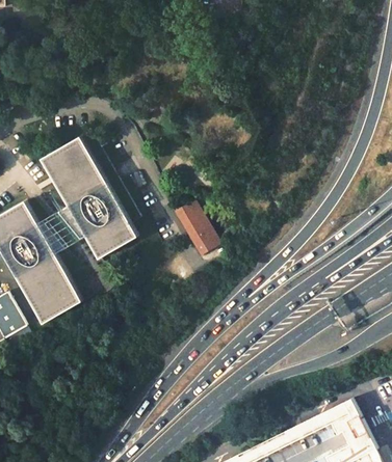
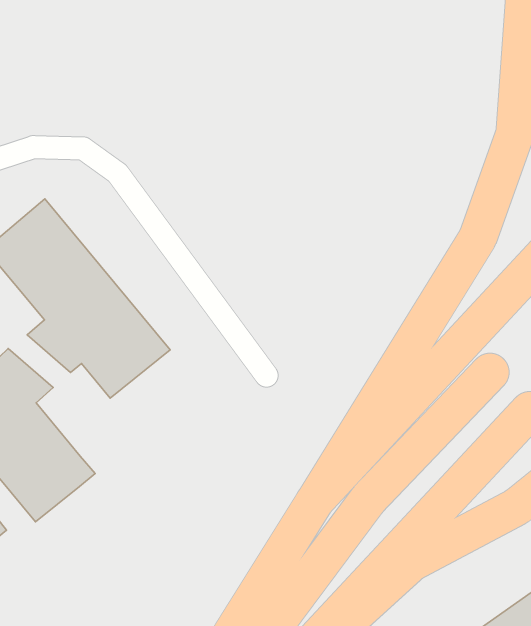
building: [177,209,214,256] -> none

